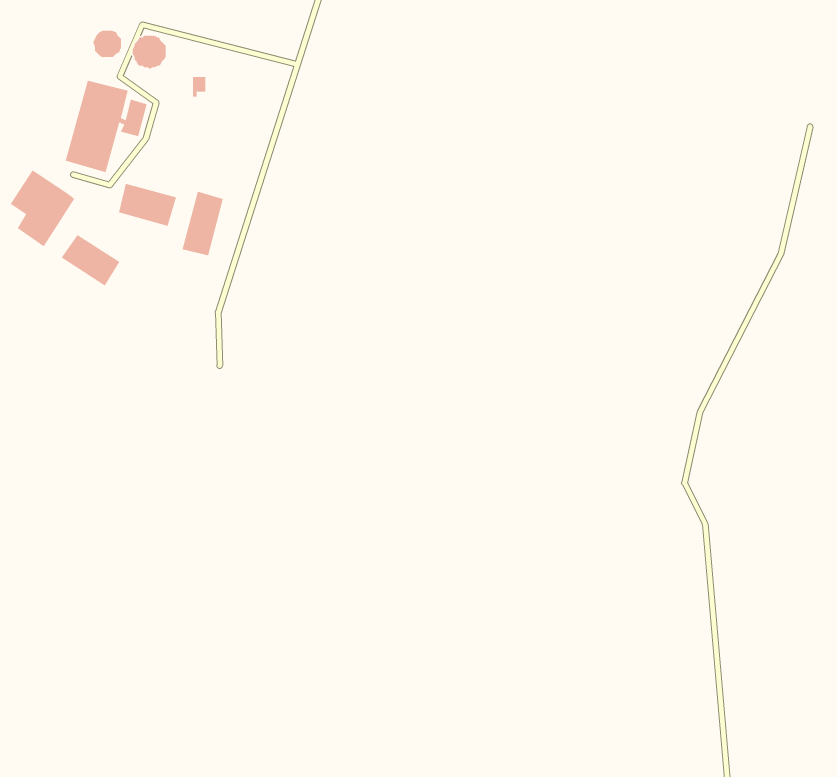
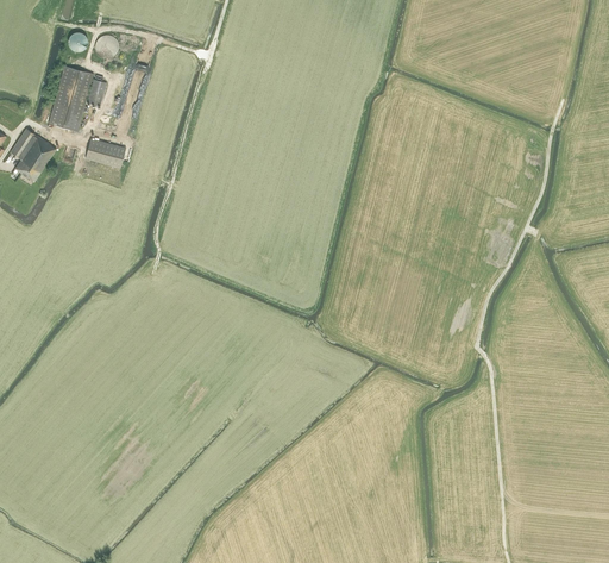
building: [182,191,223,256] -> none
building: [61,234,120,287] -> none

